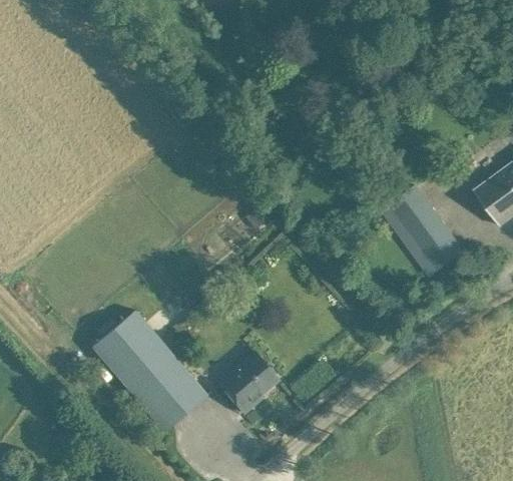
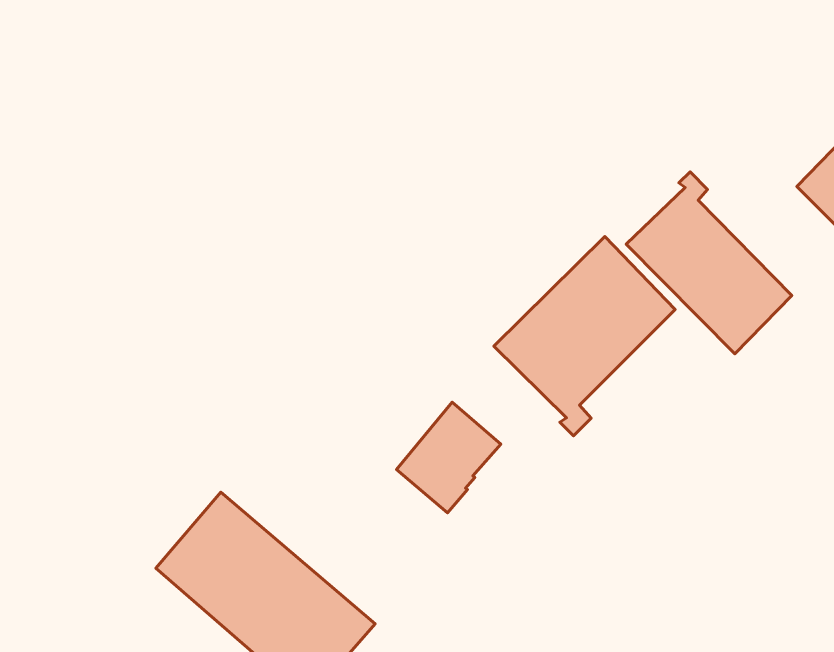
building: none -> [494,236,675,436]
building: [219,353,279,413] -> [397,402,501,513]

